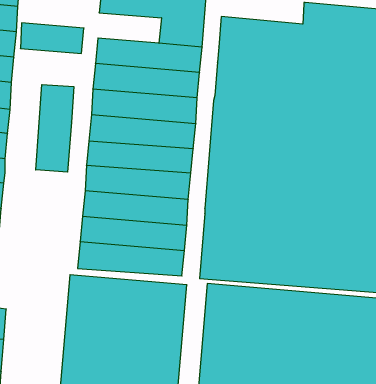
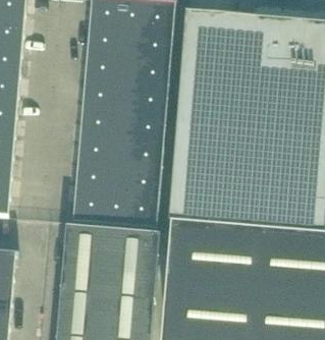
building: [20,23,84,53] -> [88,15,139,40]
building: [36,85,74,172] -> none

